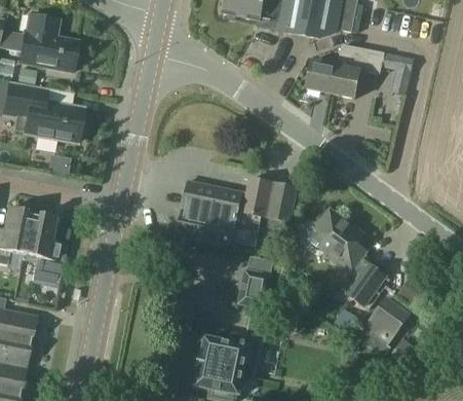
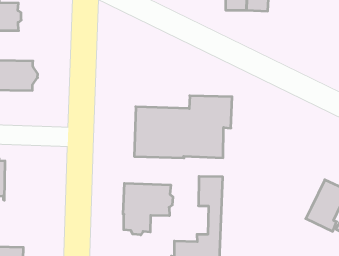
building: [316,209,385,329] -> none
building: [22,214,66,284] -> none
building: none -> [123,183,173,235]

